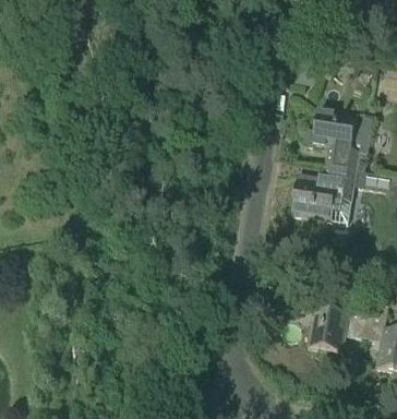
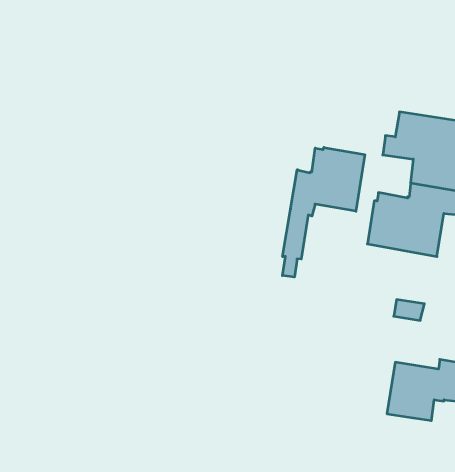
building: none -> [282,147,365,277]

